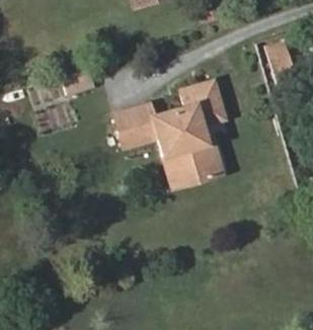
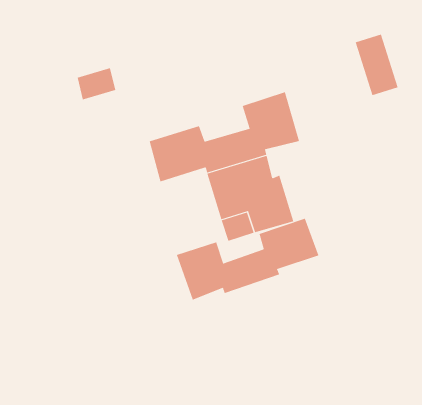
building: none -> [176,218,319,301]

